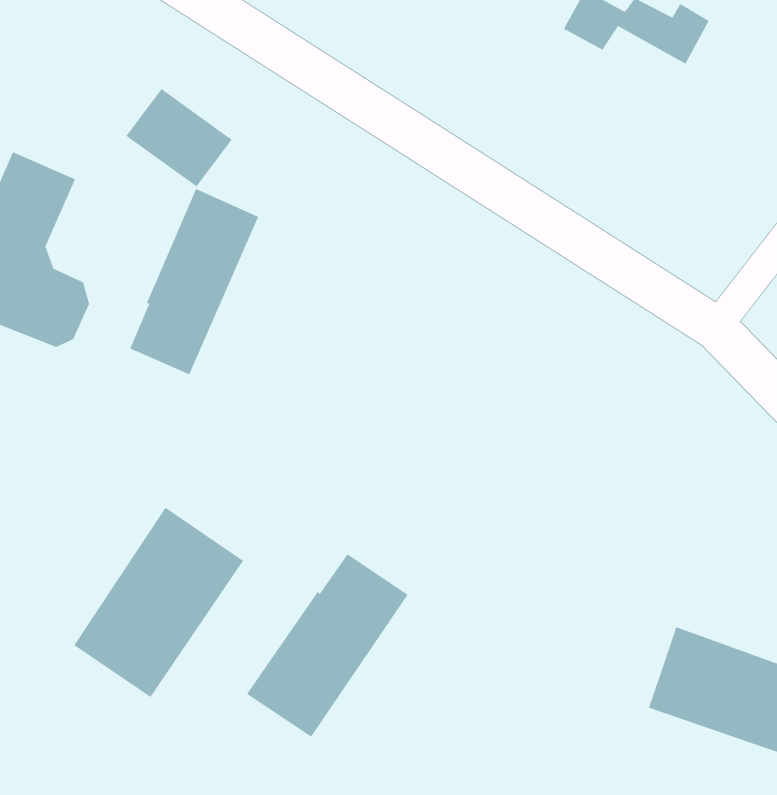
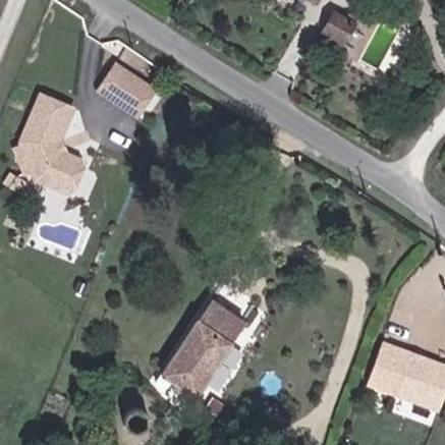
building: [130,188,259,375] -> none
building: [73,507,244,698] -> none

